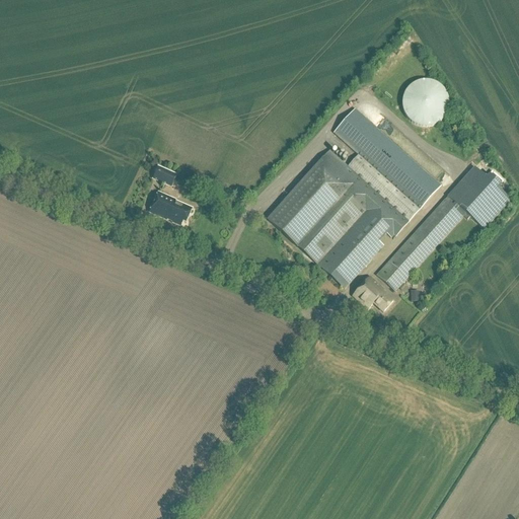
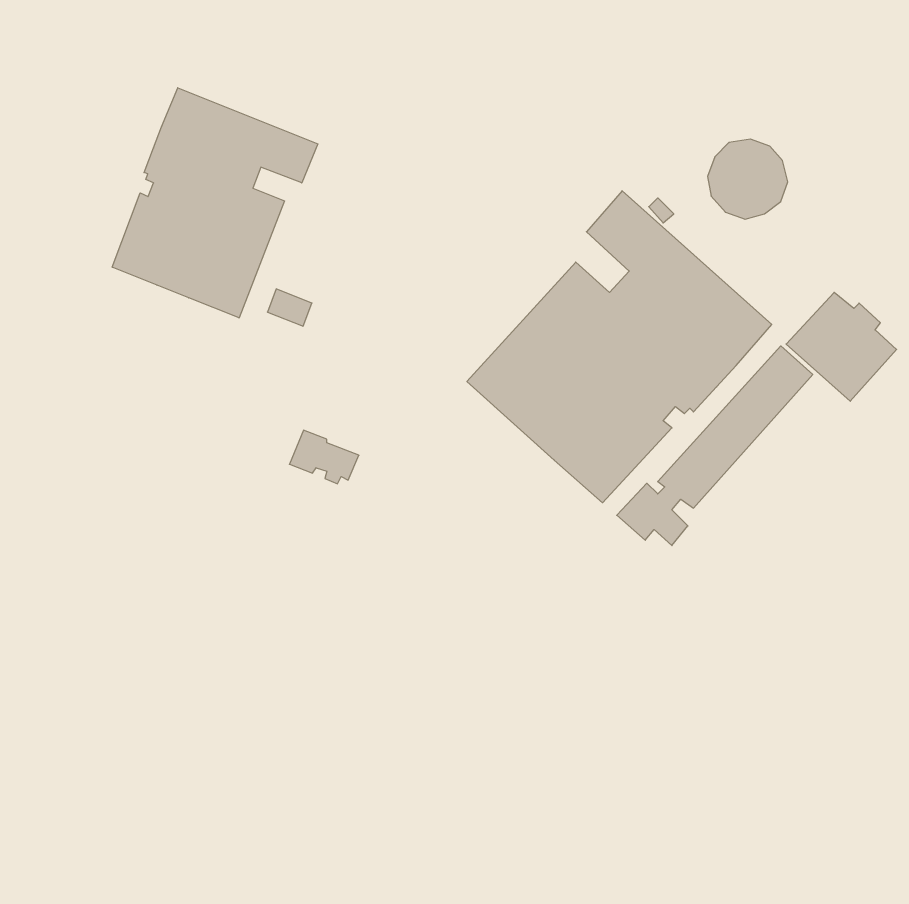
building: none -> [112,88,318,318]
building: [149,193,189,223] -> [289,430,359,484]

